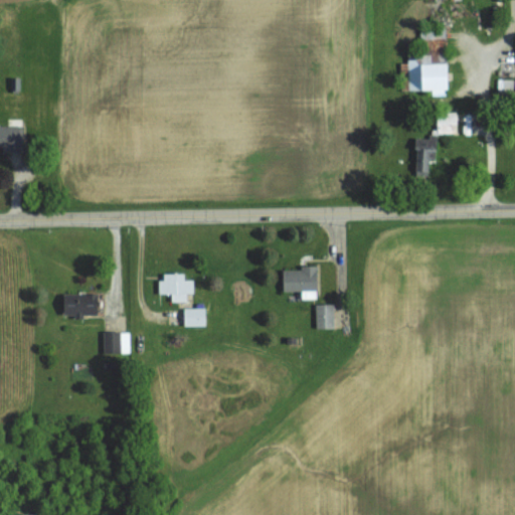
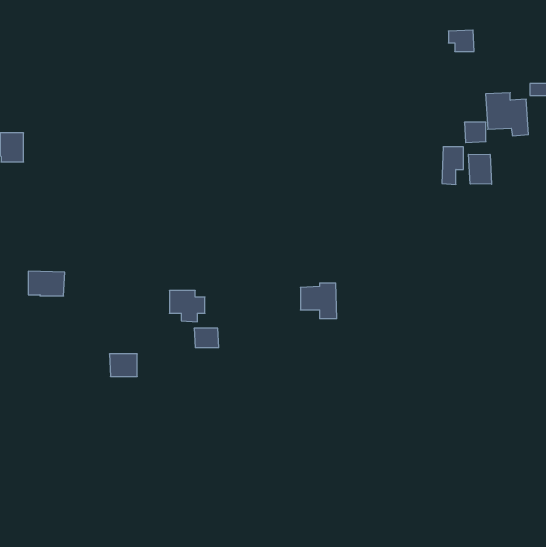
building: [408,56,449,97] -> [486,93,528,136]
building: none -> [469,154,492,184]
building: [64,294,99,317] -> [28,271,65,296]
building: [317,305,335,329] -> none

